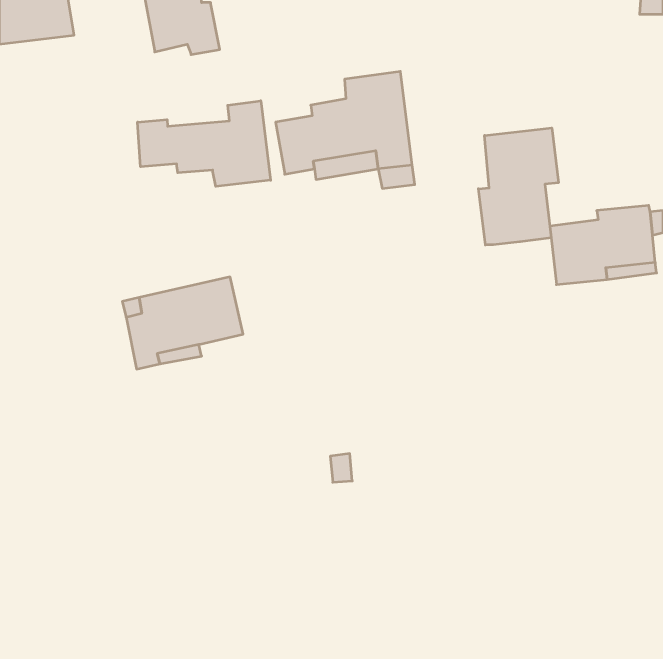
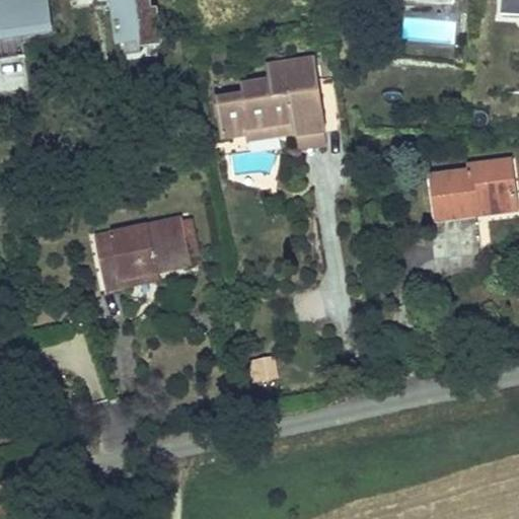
building: [138,101,271,186] -> none
building: [478,128,558,245] -> none

